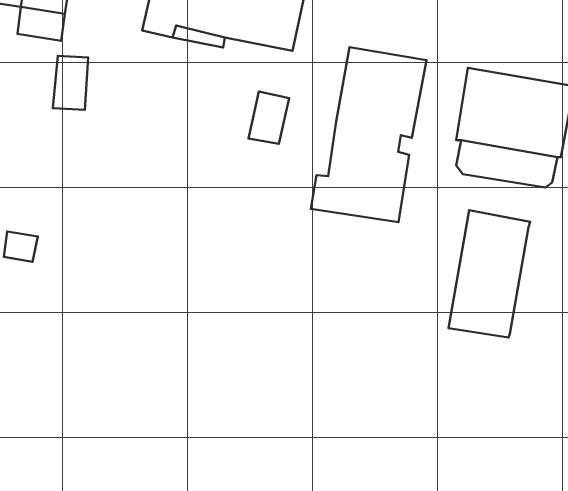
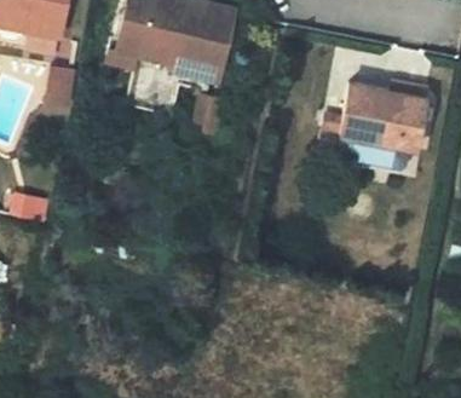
building: [311,47,427,222] -> none
building: [448,210,530,337] -> none

